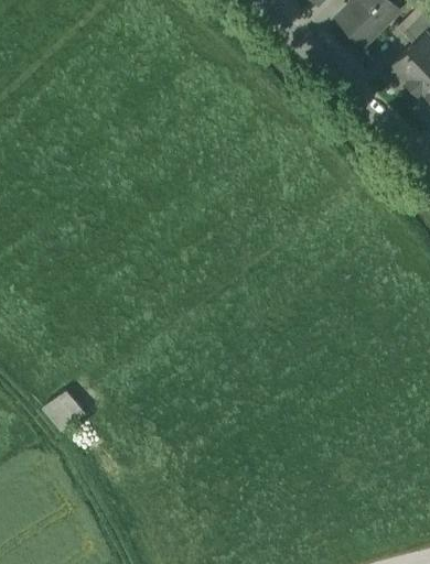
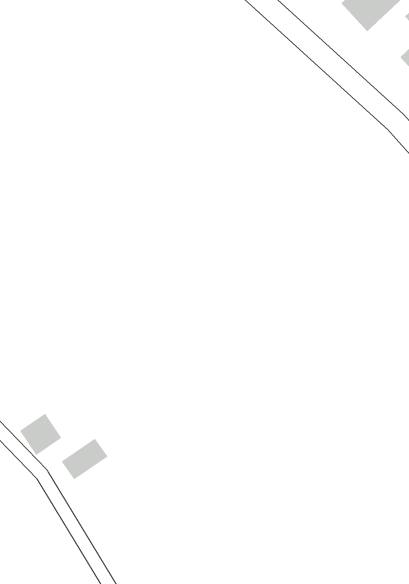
building: none -> [61,438,108,480]

